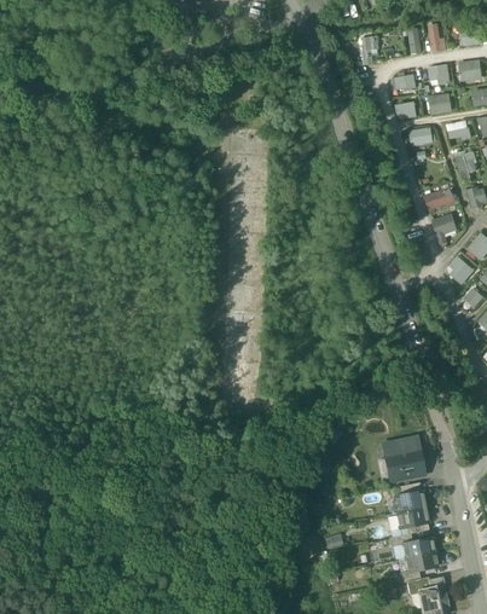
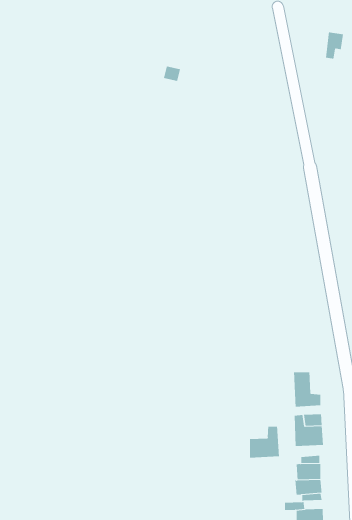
building: none -> [294,371,321,408]
building: none -> [249,426,279,458]

